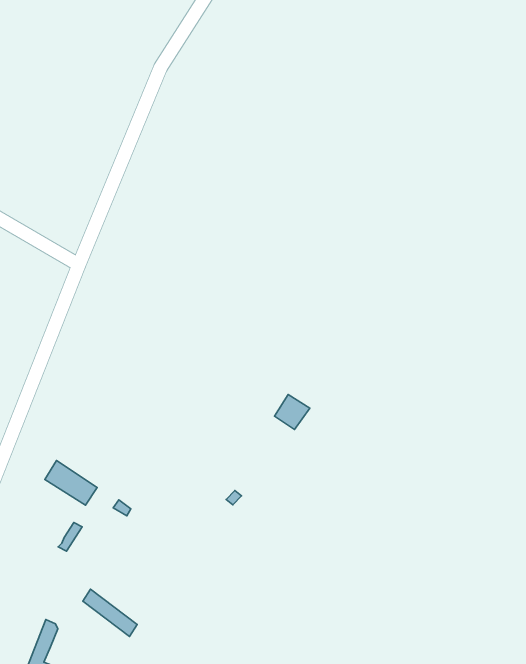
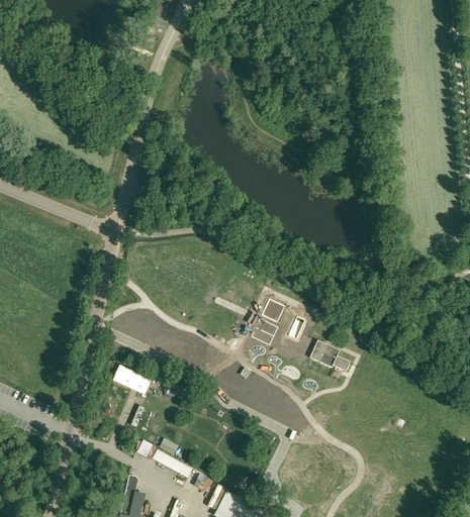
building: none -> [310,339,352,371]

